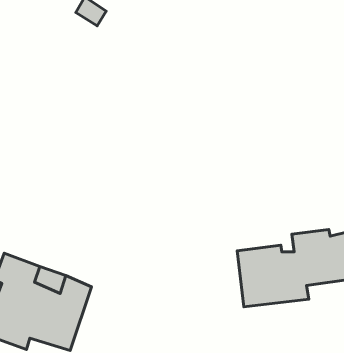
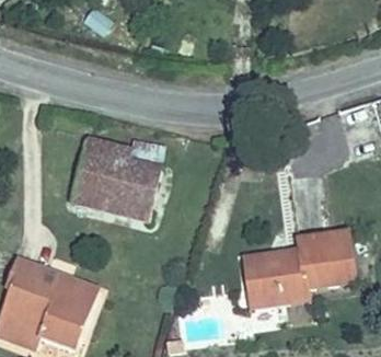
building: none -> [71,137,163,222]

